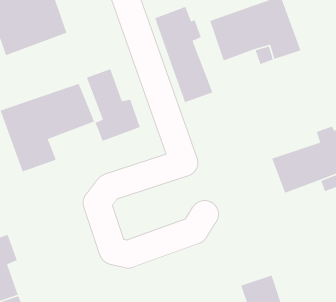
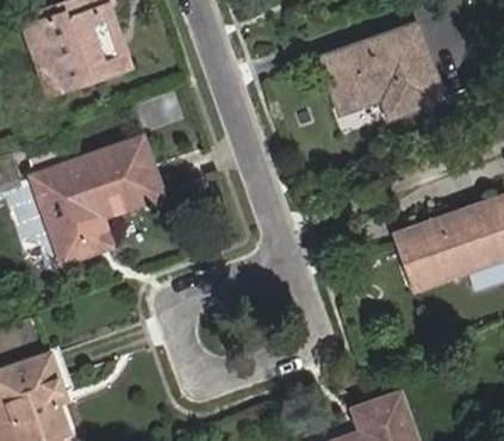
building: [154,6,214,103] -> none
building: [86,68,141,142] -> none

